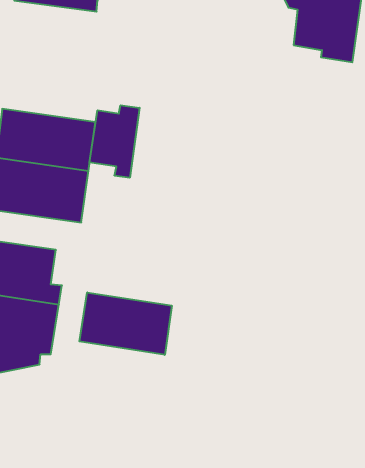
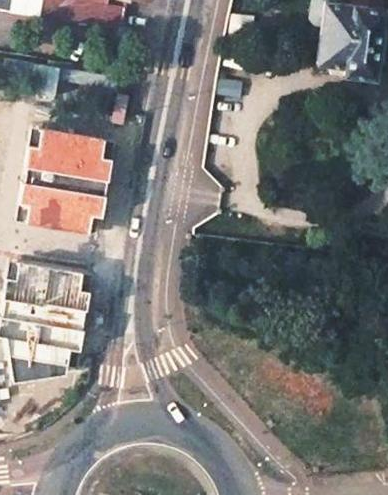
building: [90,105,140,178] -> none
building: [79,292,172,355] -> none

